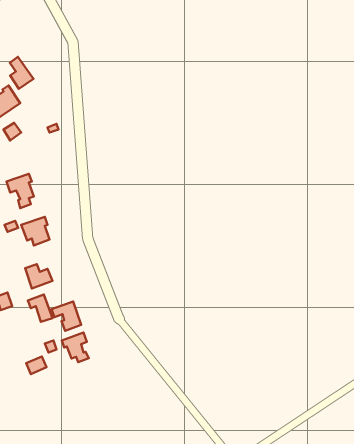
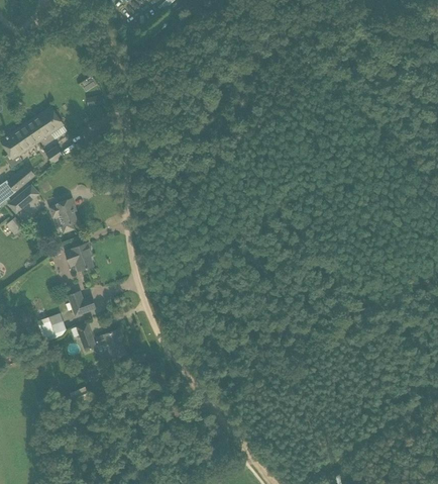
building: [10,57,34,89] -> none
building: [62,332,89,362] -> none

